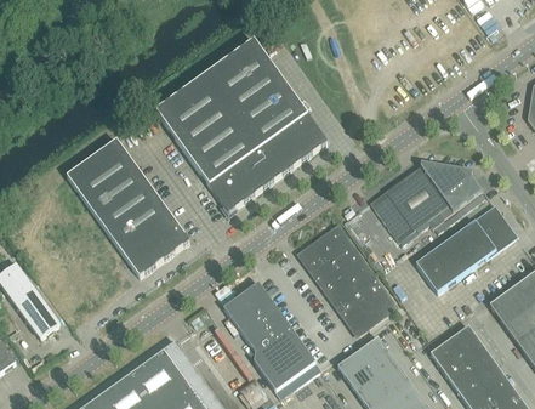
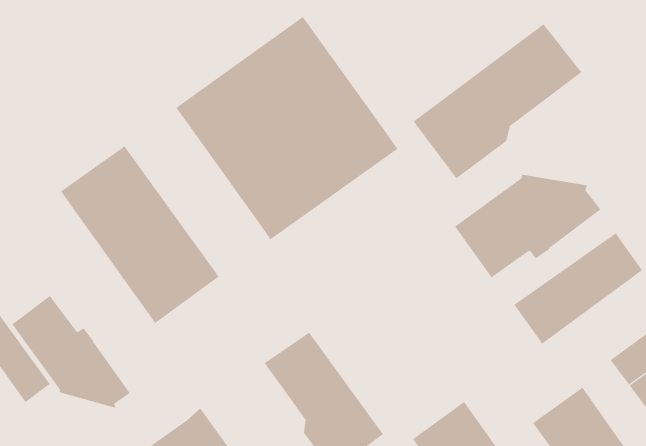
building: none -> [413,23,582,179]
building: [298,223,395,333] -> none
building: none -> [12,295,131,409]

